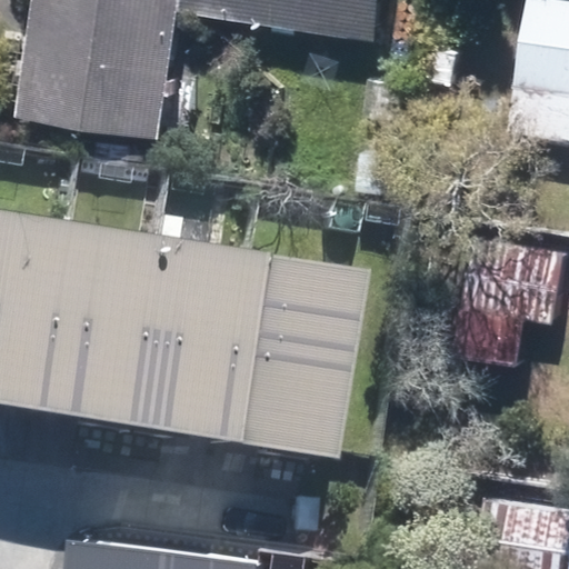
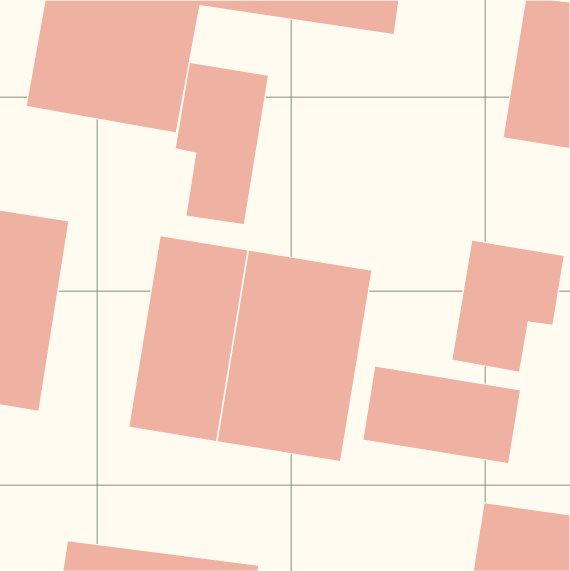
building: none -> [175,62,269,225]
building: [39,220,159,425] -> none
building: none -> [363,366,521,464]

